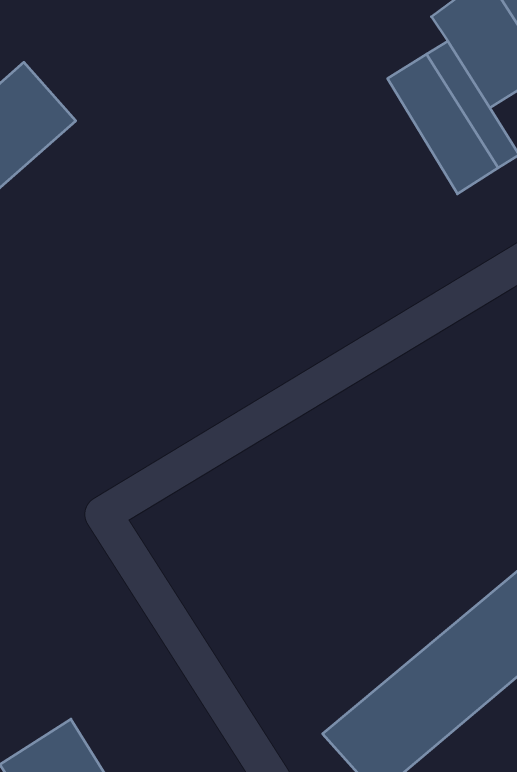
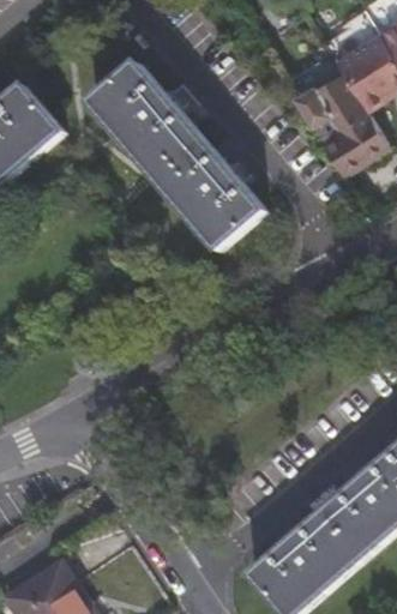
building: none -> [92,56,265,242]

